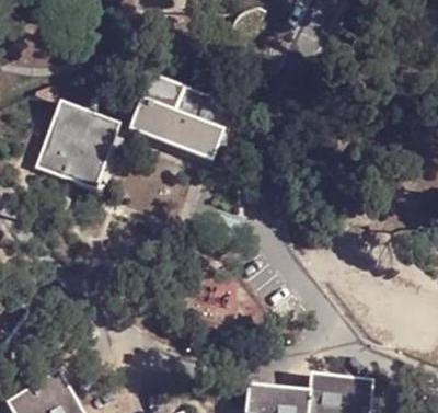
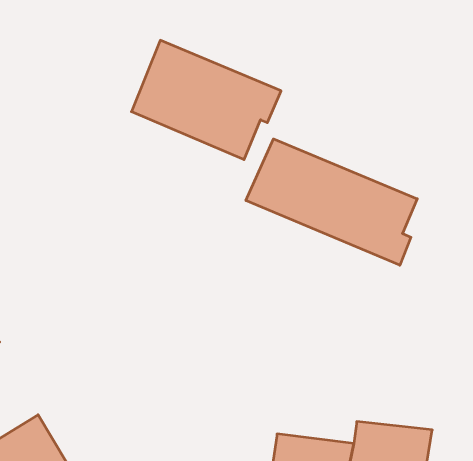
building: [34,102,116,191] -> none
building: none -> [246,139,417,265]

